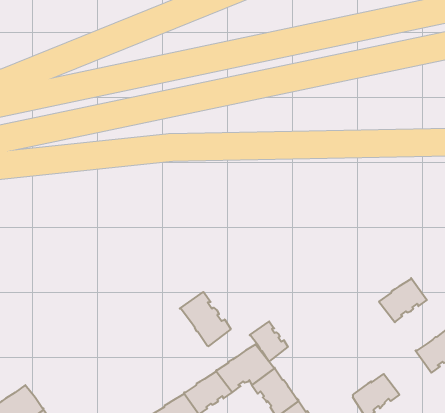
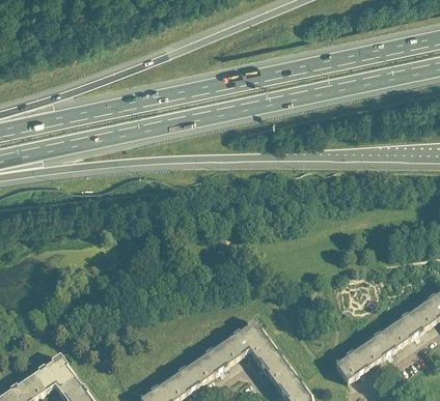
building: [379,278,427,322] -> [356,331,396,368]
building: [180,292,231,346] -> none
building: [250,321,288,361] -> none

